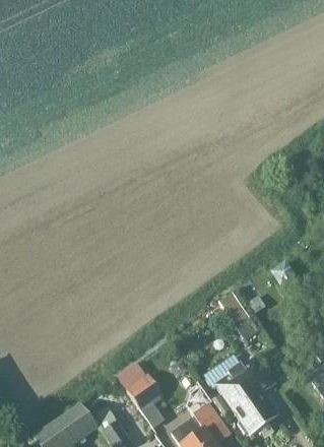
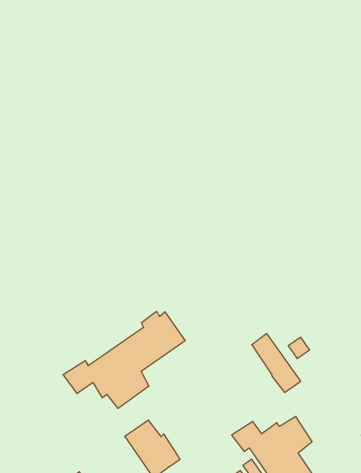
building: none -> [63,311,185,408]

